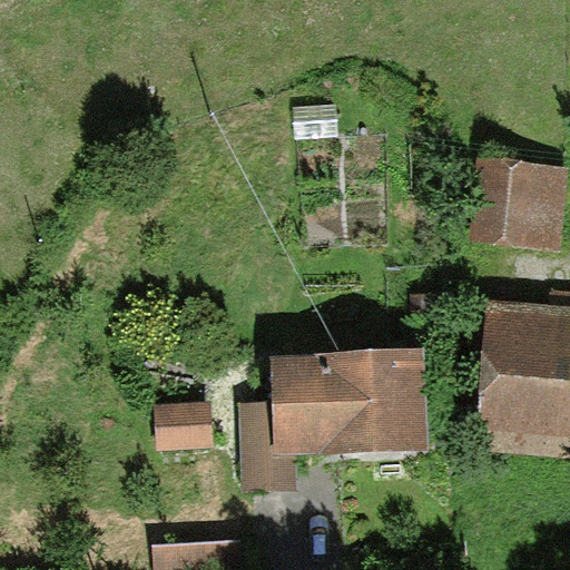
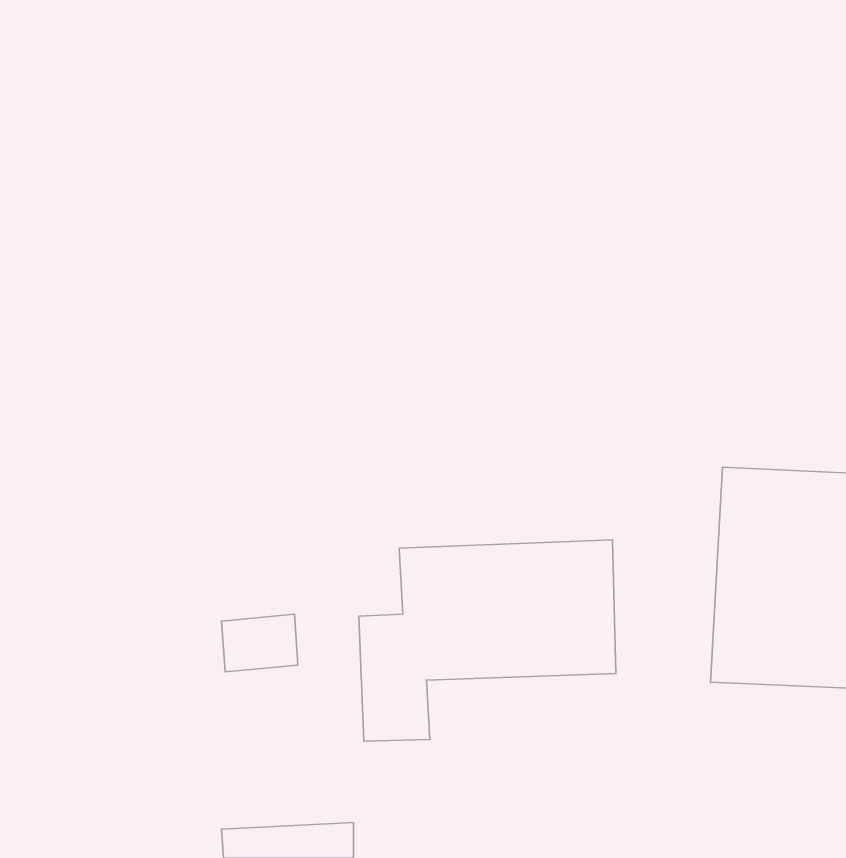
building: [474,163,563,240] -> none

